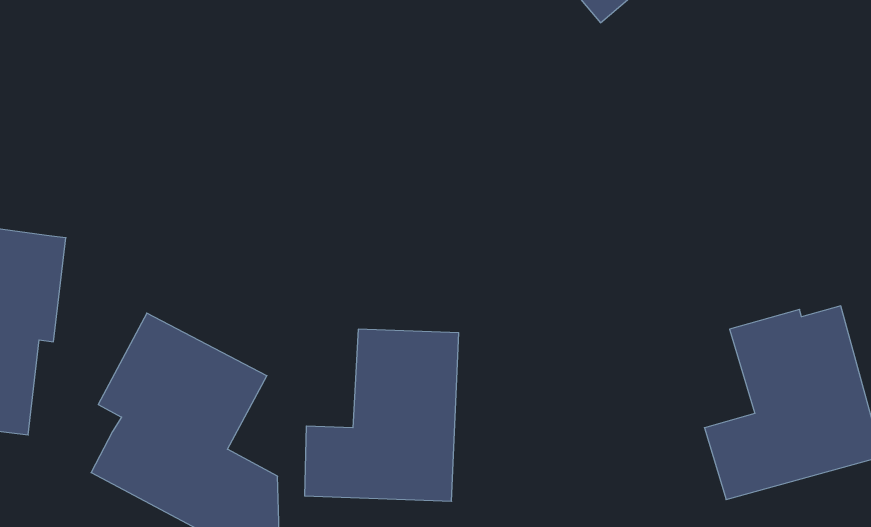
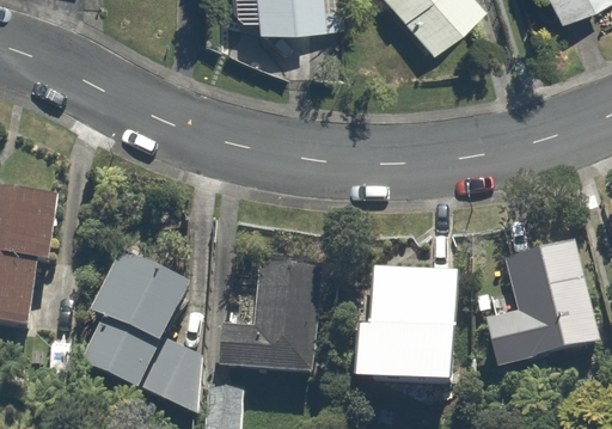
building: none -> [355,226,458,380]

